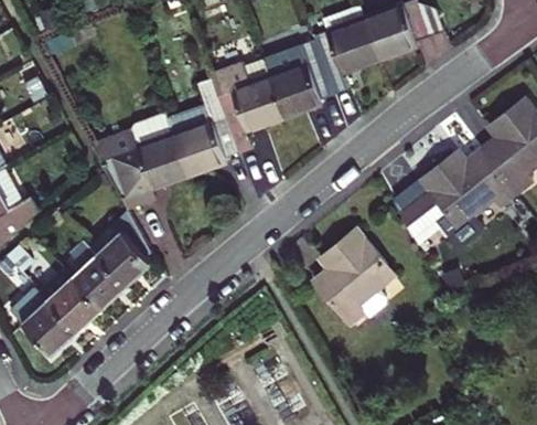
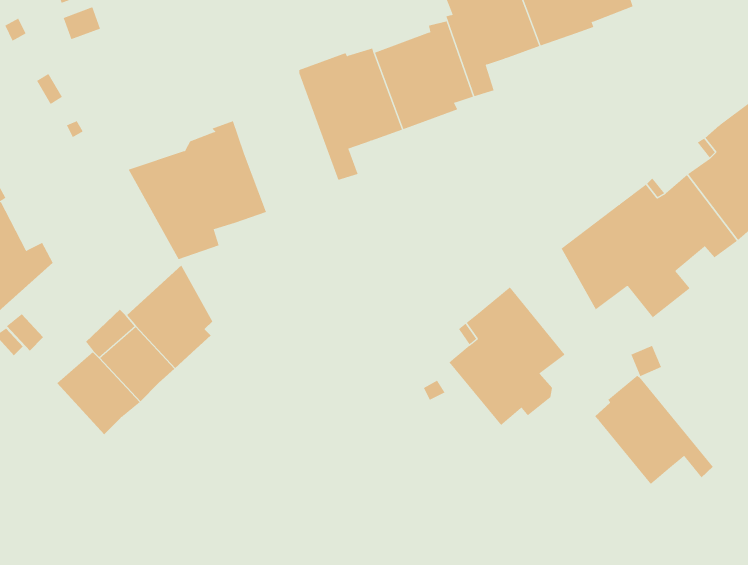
building: [172,78,237,176] -> none
building: [9,286,74,354] -> none
building: none -> [595,375,713,485]

